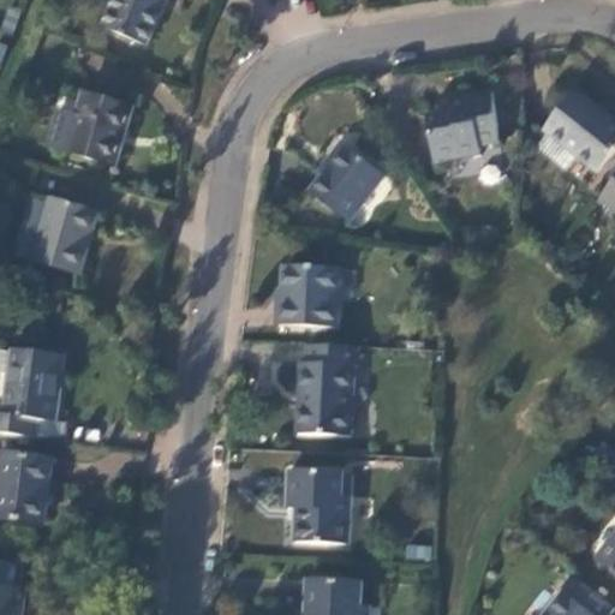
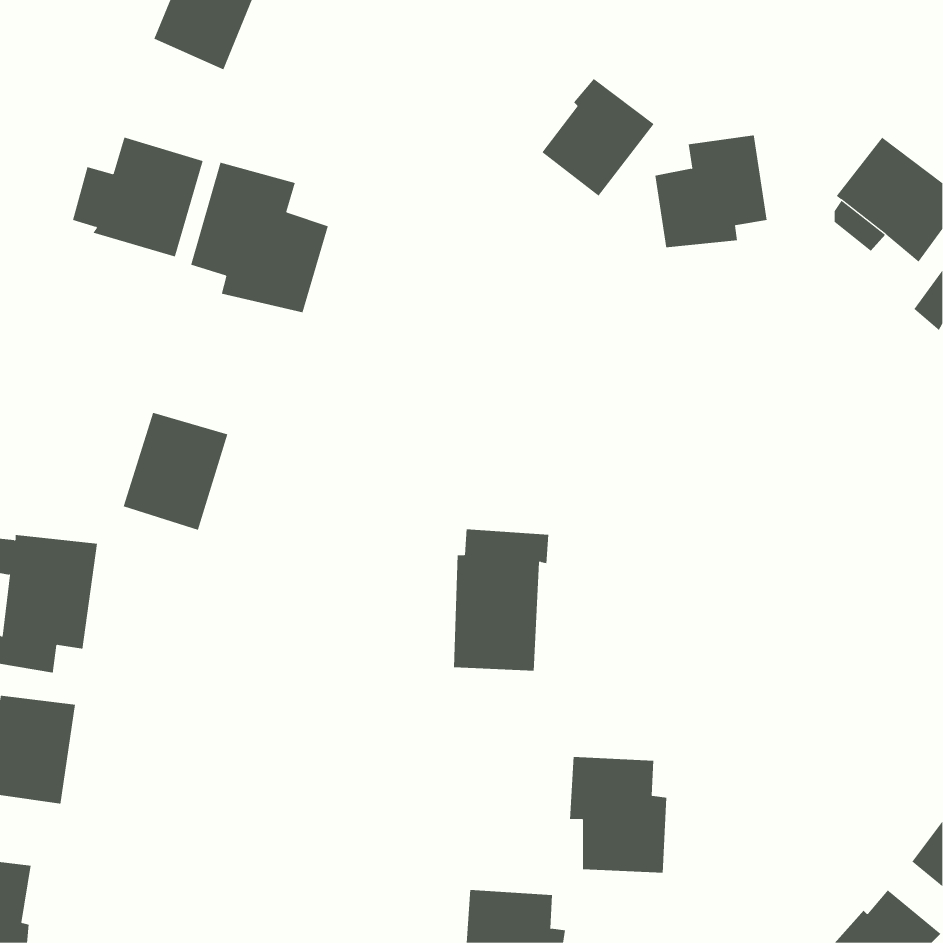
building: none -> [190,162,328,313]
building: [308,143,381,220] -> [542,78,654,196]
building: [29,197,97,274] -> [123,412,228,530]
building: [276,263,334,328] -> none
building: [285,468,348,544] -> [569,757,667,873]

